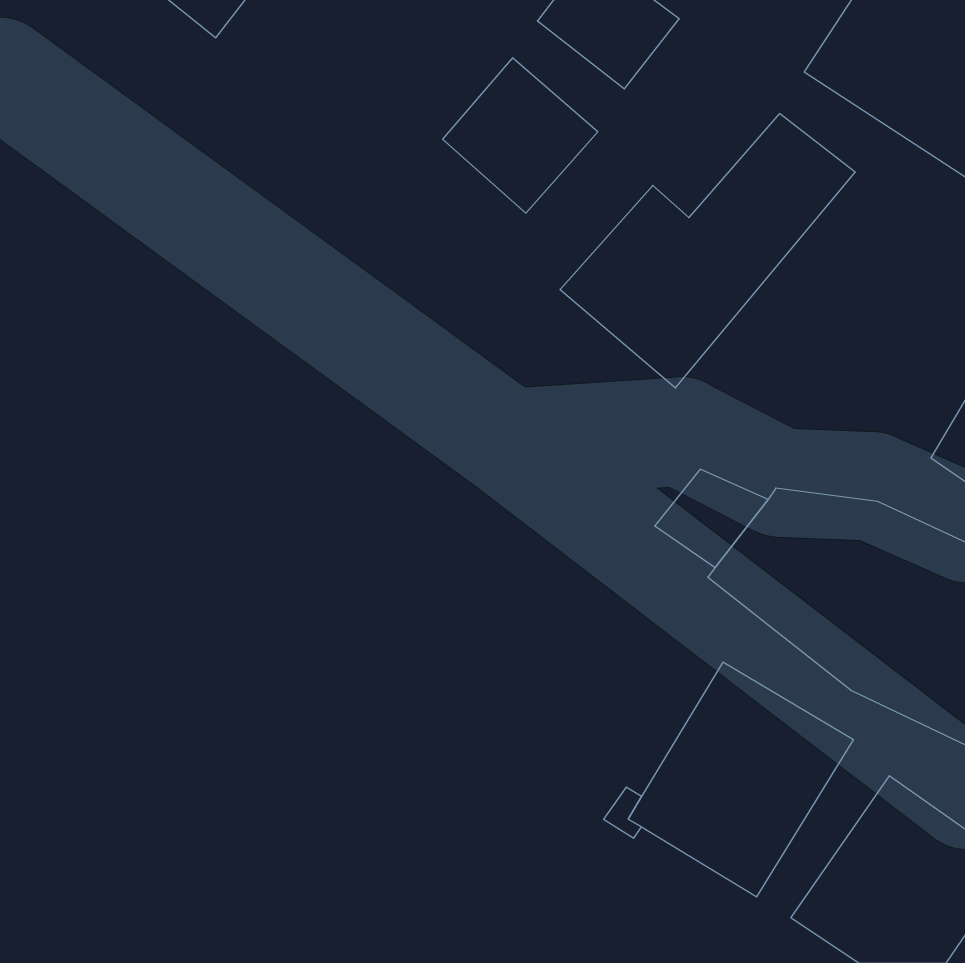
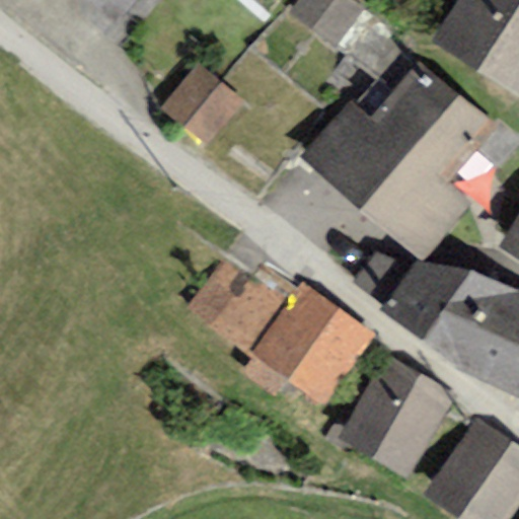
building: [443,58,598,213] -> [162,63,245,146]
building: none -> [363,92,498,258]
building: none -> [190,258,376,404]

